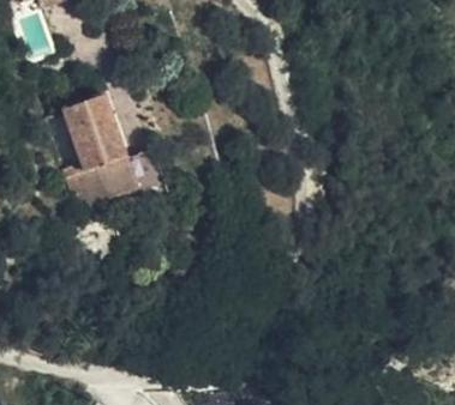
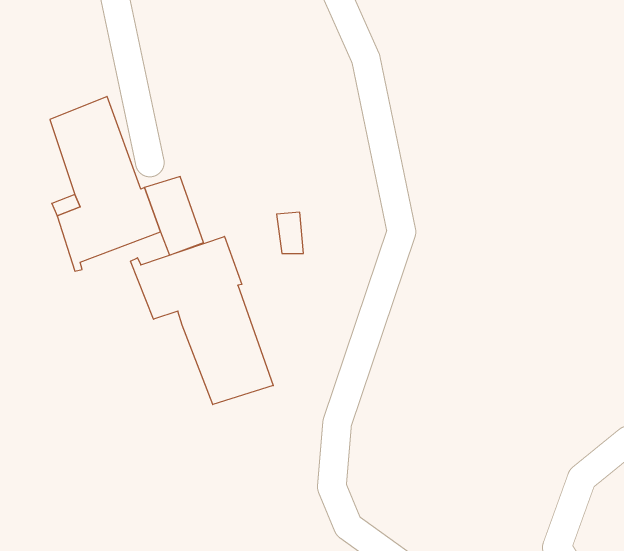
building: none -> [131,236,273,405]

